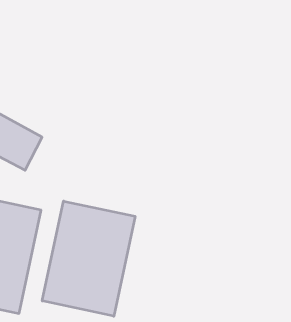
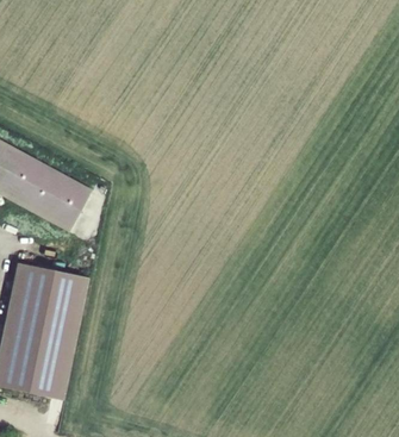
building: [42,201,135,316] -> none

